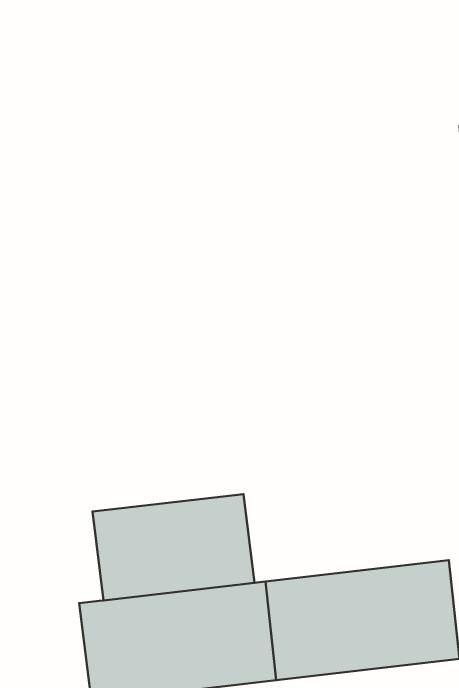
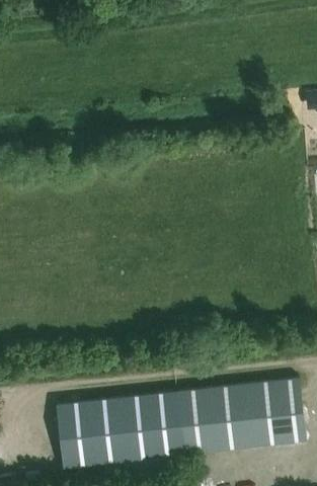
building: [92,494,254,600] -> none

